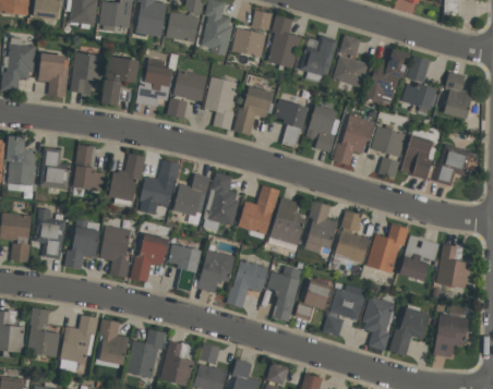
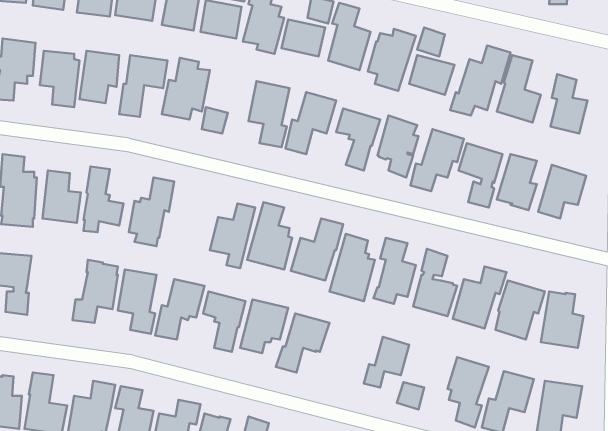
building: [173,70,207,102] -> none
building: [140,159,180,215] -> none
building: [34,207,65,258] -> none
building: [266,266,301,320] -> none
building: [329,288,364,320] -> none

